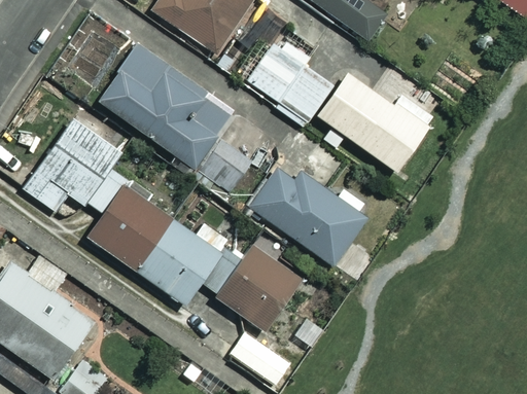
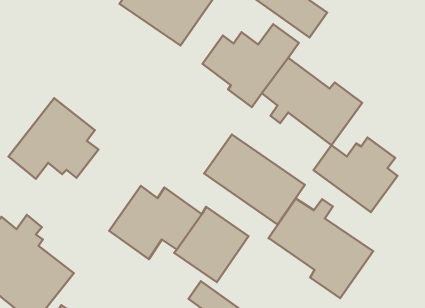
building: [96,45,254,192] -> none
building: none -> [314,138,398,212]
building: [83,178,170,273] -> none
building: none -> [269,198,373,298]

